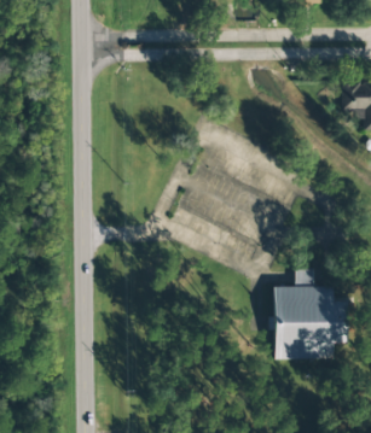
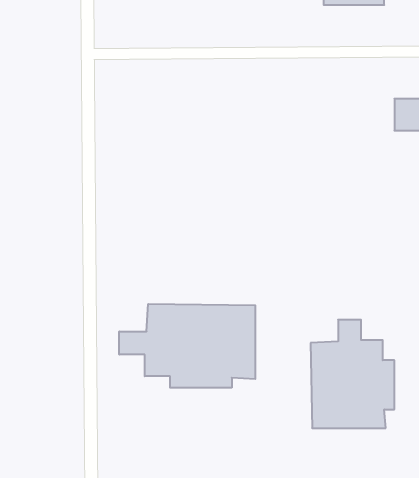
building: none -> [119,304,255,388]

